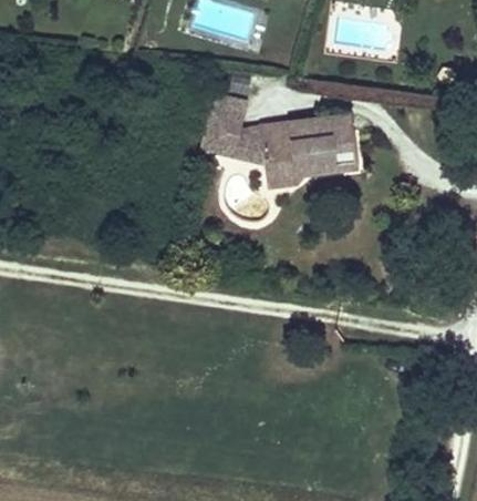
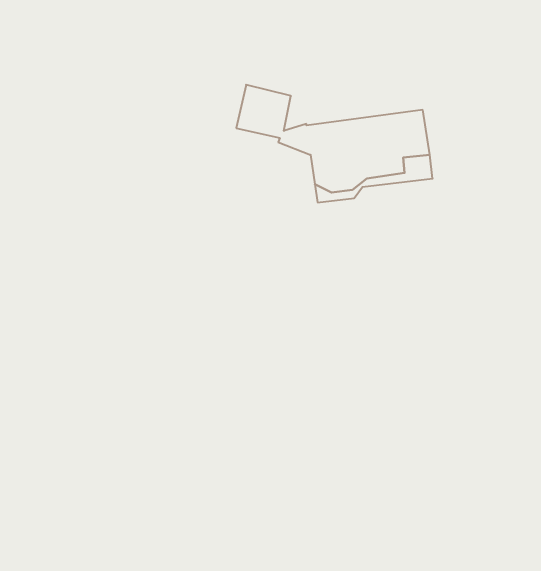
building: [201,127,267,165] -> none

